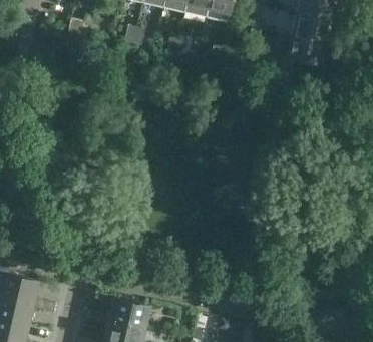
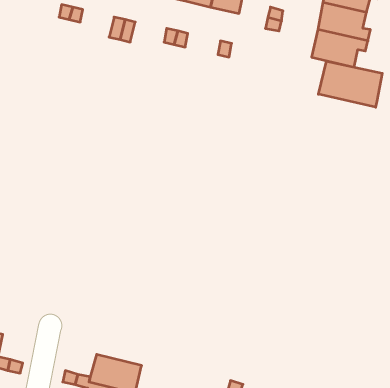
building: none -> [318,61,382,107]

